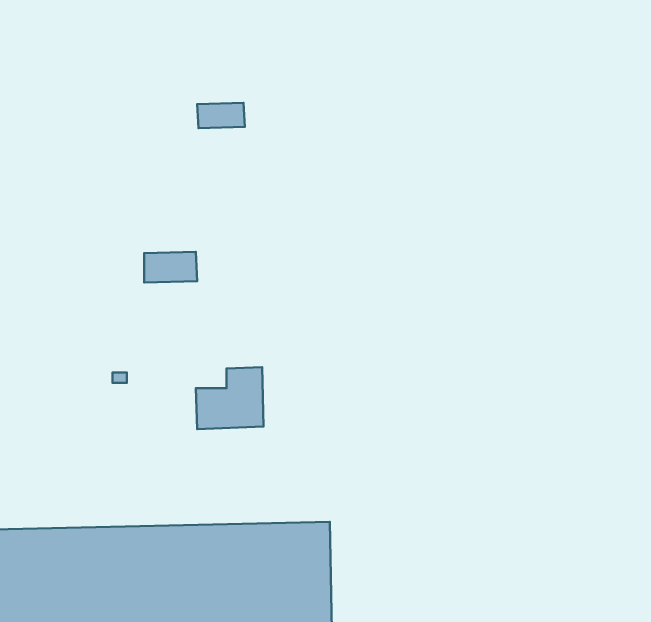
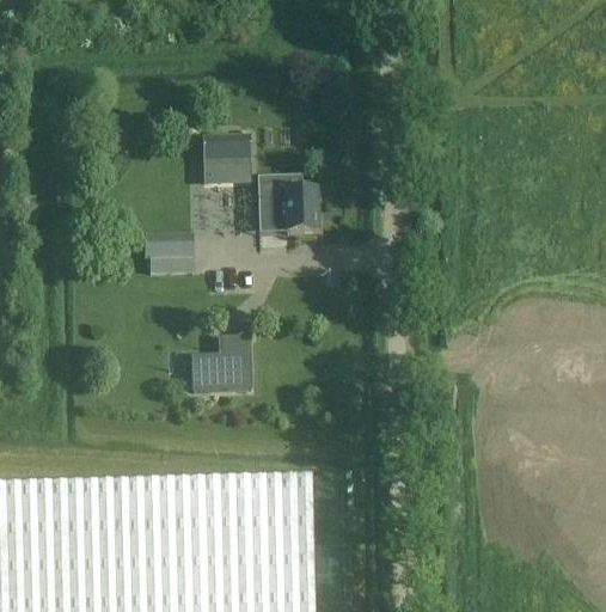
building: [197,103,245,128] -> [198,148,241,171]
building: none -> [257,177,318,234]

